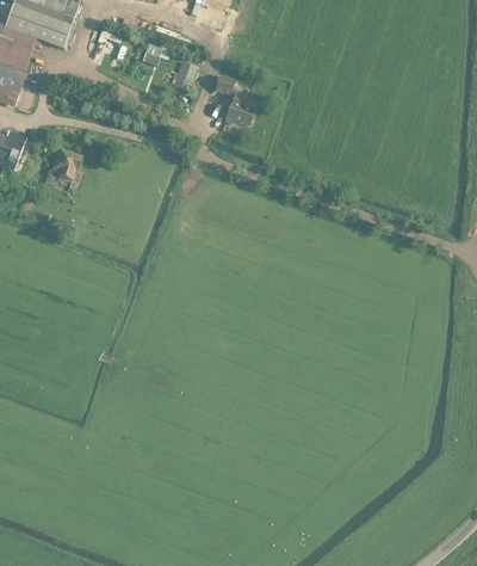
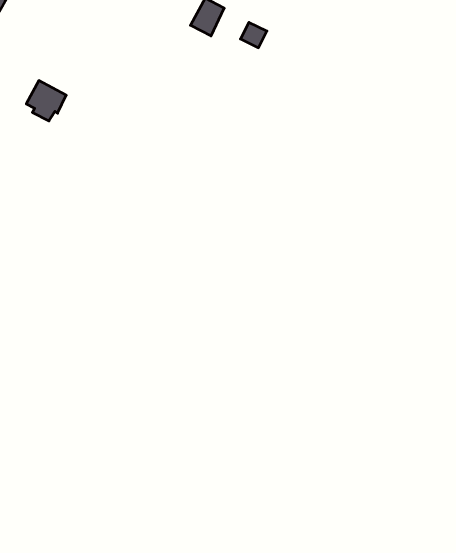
building: [225,96,258,125] -> none

